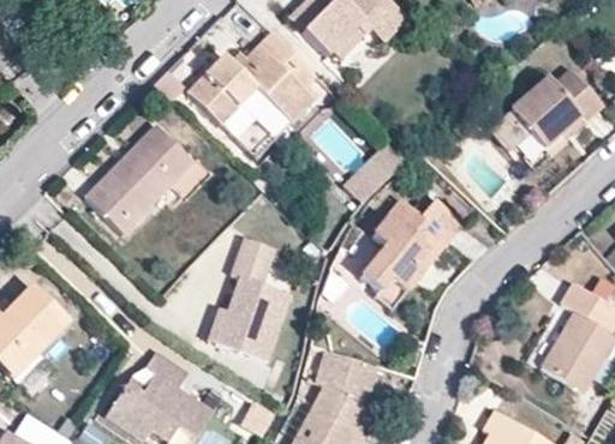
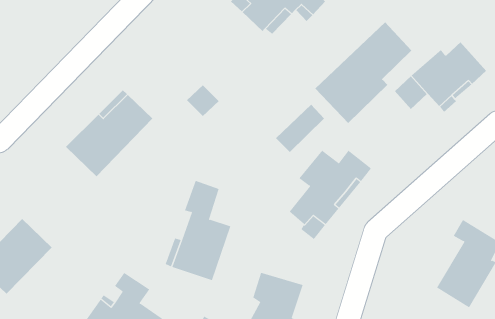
building: [187,31,320,122] -> none
building: none -> [315,22,412,124]

